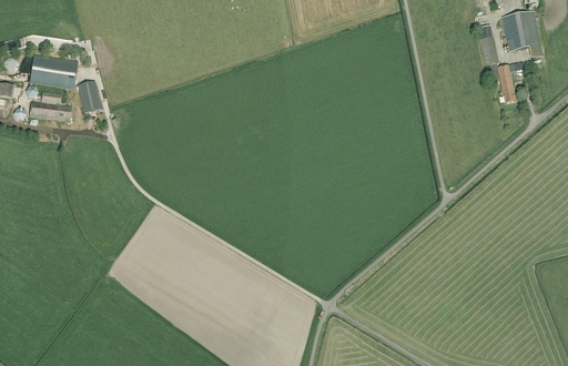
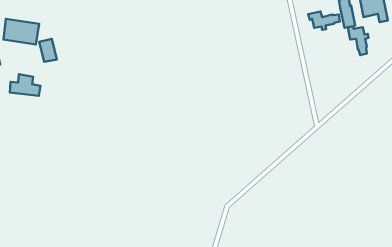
building: none -> [308,12,340,30]
building: [30,92,71,121] -> [10,74,41,96]

